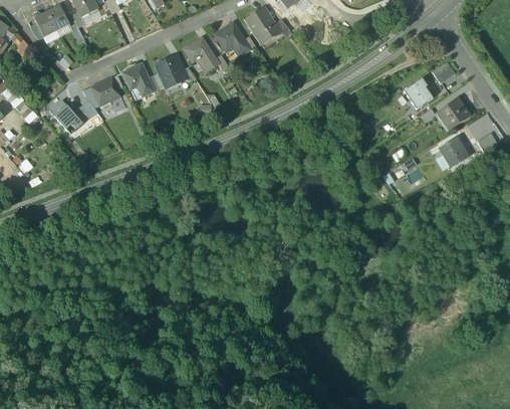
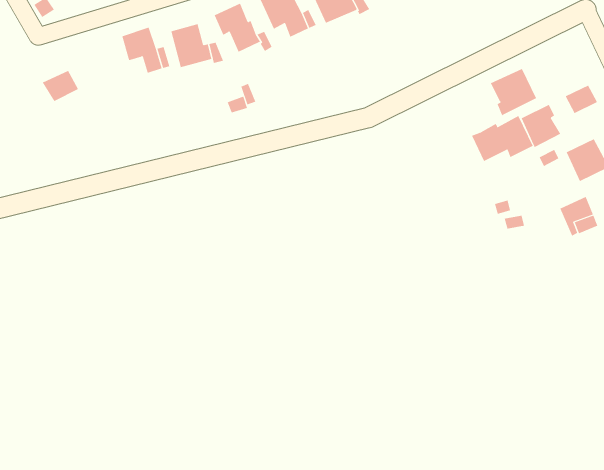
building: none -> [490,68,537,117]
building: [91,77,124,109] -> none
building: none -> [470,115,533,162]
building: [49,99,82,134] -> none

